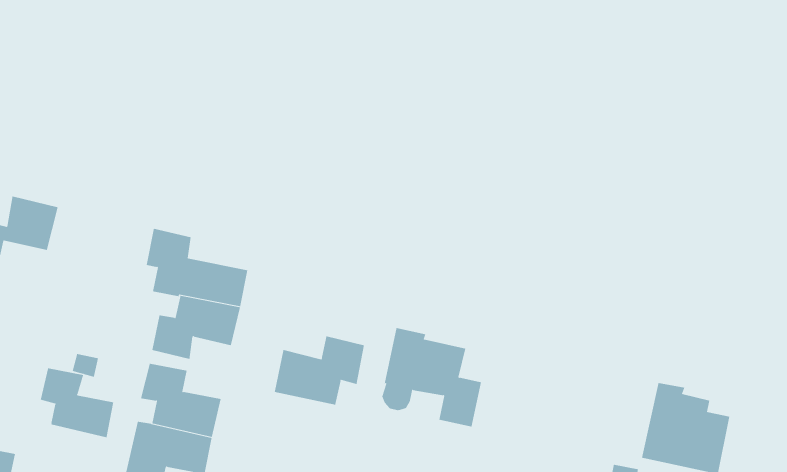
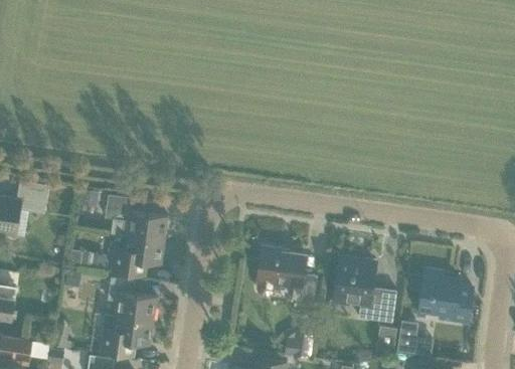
building: [274,335,364,405] -> none
building: none -> [333,258,395,324]
building: [40,367,114,438] -> none

